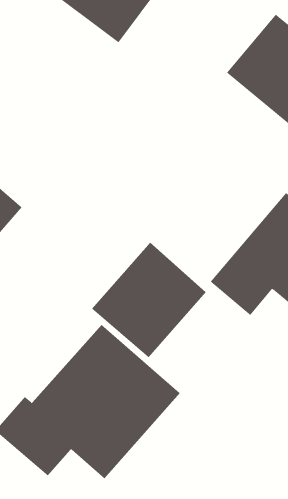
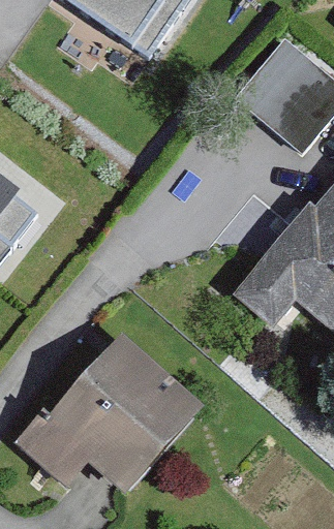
building: [91,242,207,358] -> none

